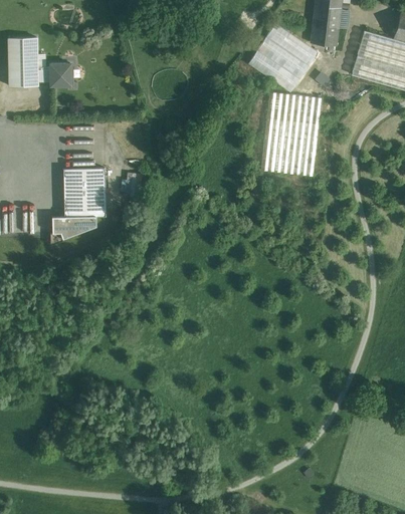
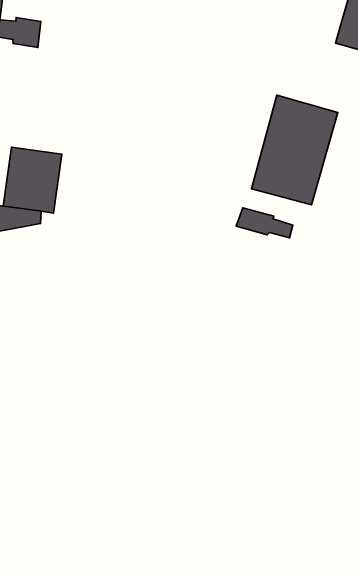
building: [248,23,316,89] -> none
building: none -> [236,208,293,238]

